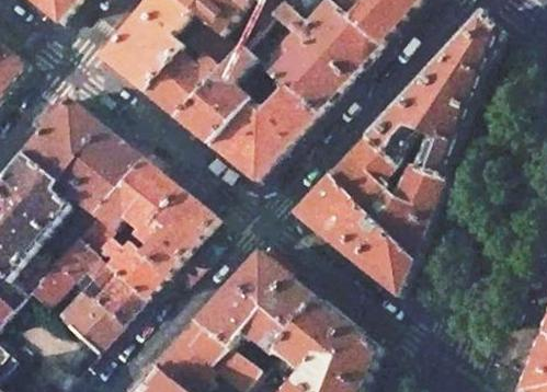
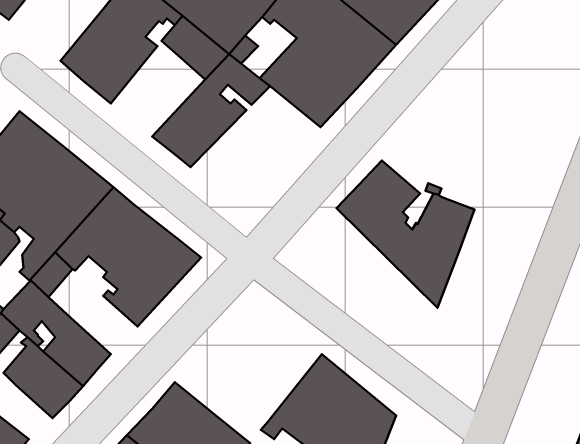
building: [366,13,501,178] -> none
building: [143,50,220,118] -> none
building: [208,77,316,180] -> none
building: [295,177,412,296] -> none
building: [101,238,164,298] -> none
building: [195,253,317,354] -> none

